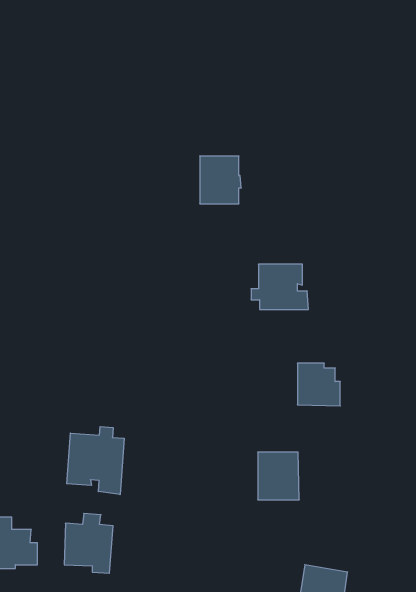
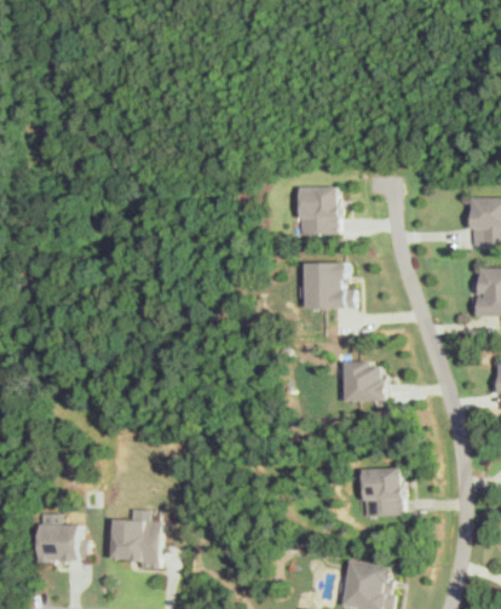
building: [200,156,241,204] -> [299,186,340,234]
building: [67,427,124,495] -> none
building: [258,452,299,500] -> [361,467,402,515]

